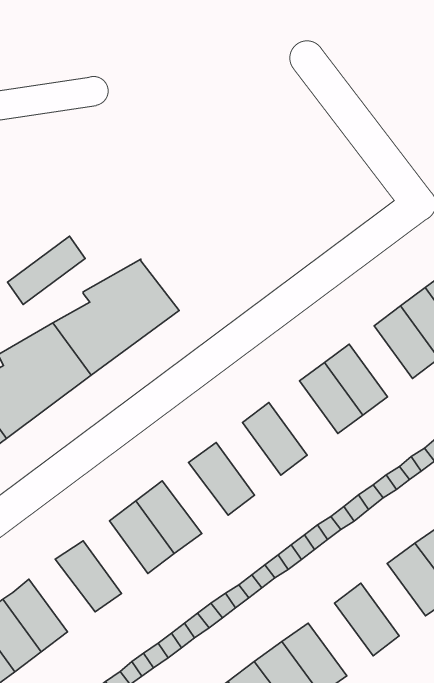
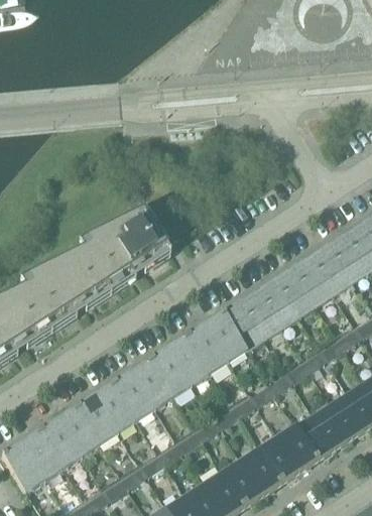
building: [8,236,85,304] -> none
building: none -> [280,264,321,311]
building: none -> [225,297,269,347]
building: none -> [189,322,230,371]
building: none -> [151,347,194,394]
building: none -> [97,382,138,430]
building: none -> [59,405,102,454]
building: none -> [278,421,320,470]
building: none -> [242,445,283,494]

